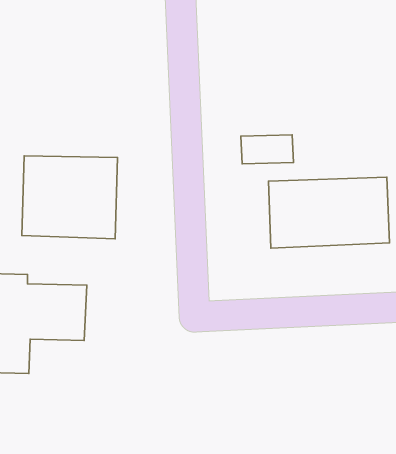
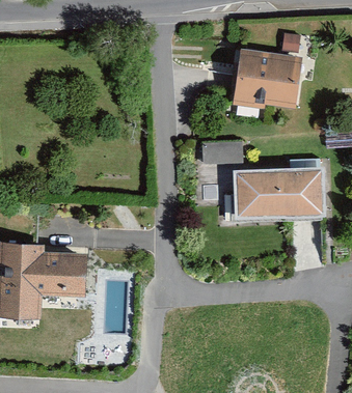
building: none -> [231,48,302,111]
building: [22,156,117,239] -> none

